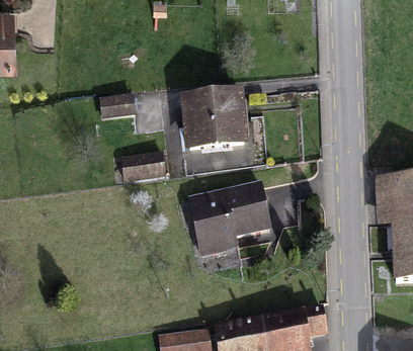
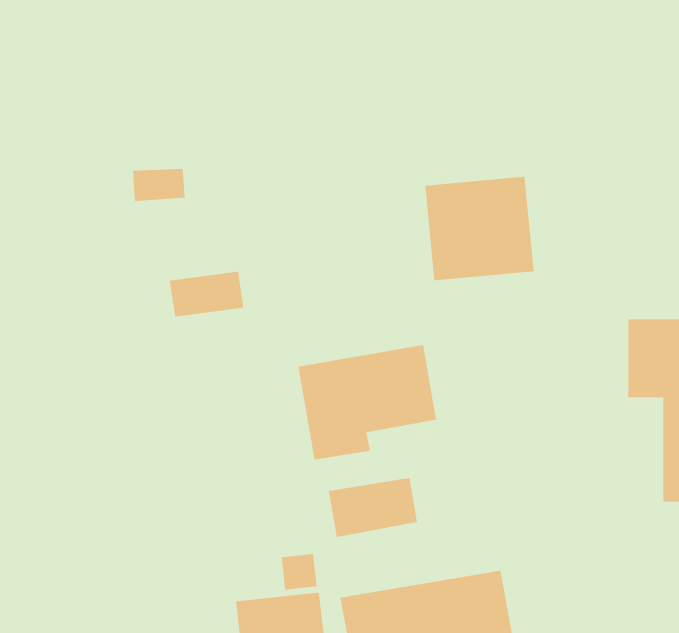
building: [183,87,244,145] -> [424,176,534,281]
building: none -> [328,477,418,538]

